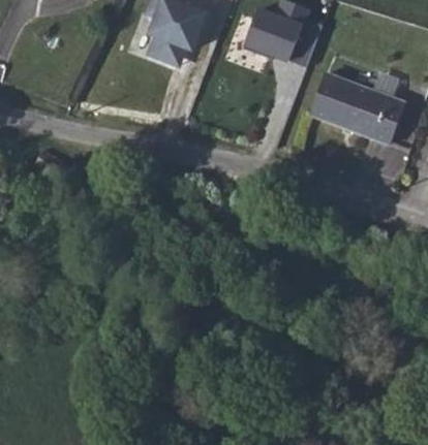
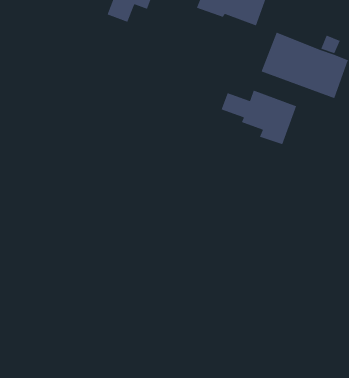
building: none -> [221,89,297,145]

